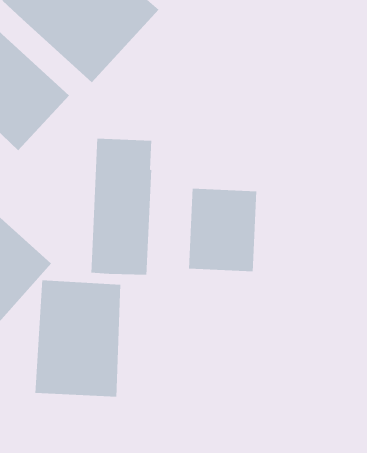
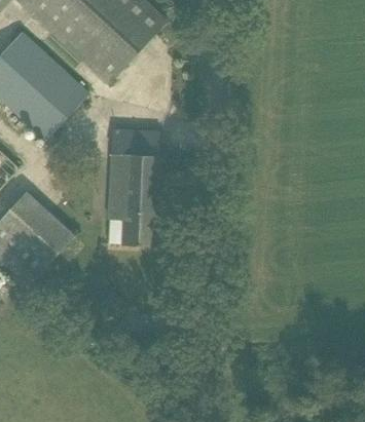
building: [188,188,257,272] -> none
building: [35,280,121,397] -> none

